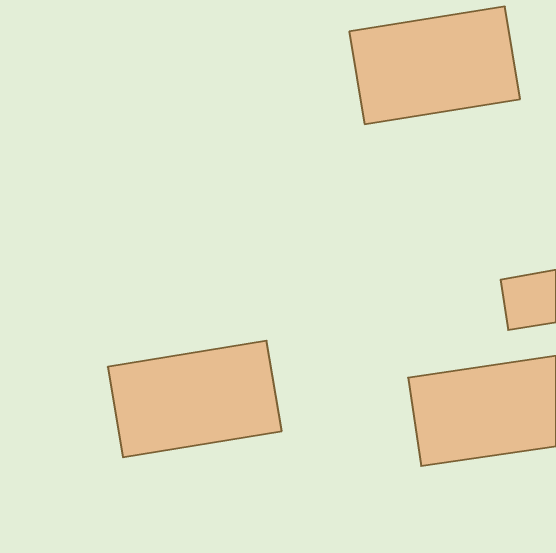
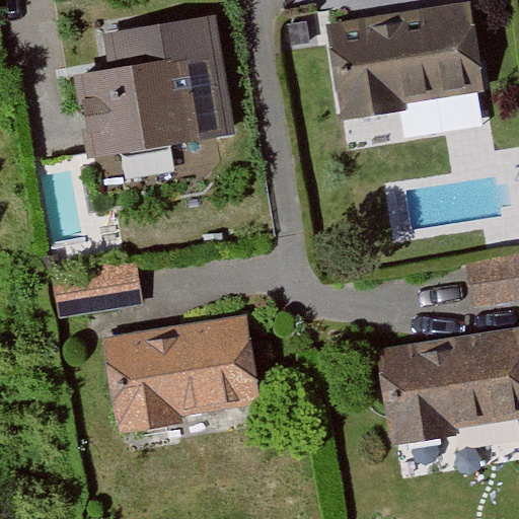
building: none -> [76,14,235,158]
building: none -> [51,258,144,318]

